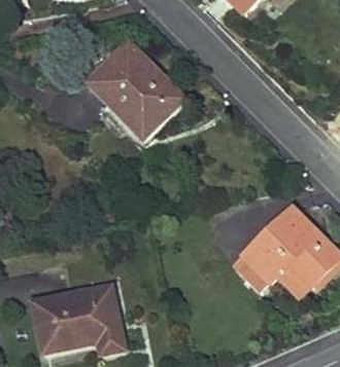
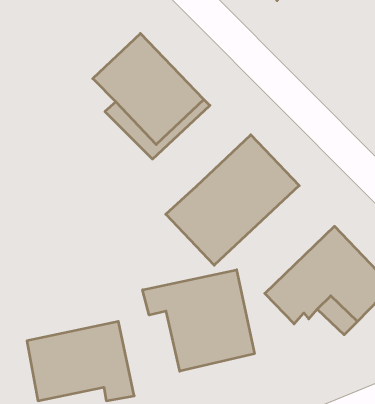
building: none -> [166,135,299,265]
building: none -> [143,270,254,371]

